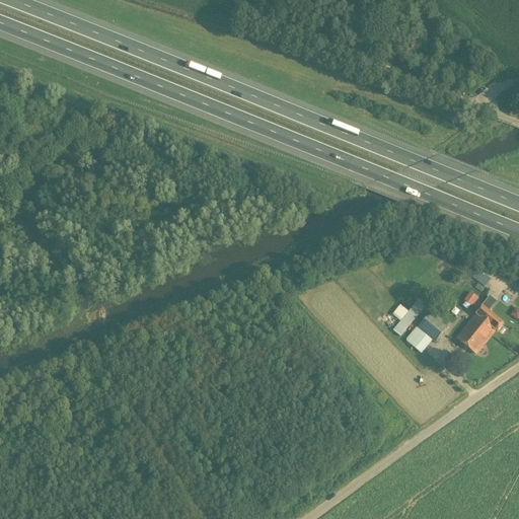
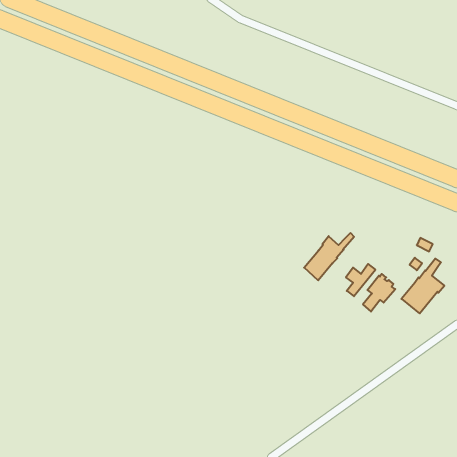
building: none -> [304,233,354,280]

